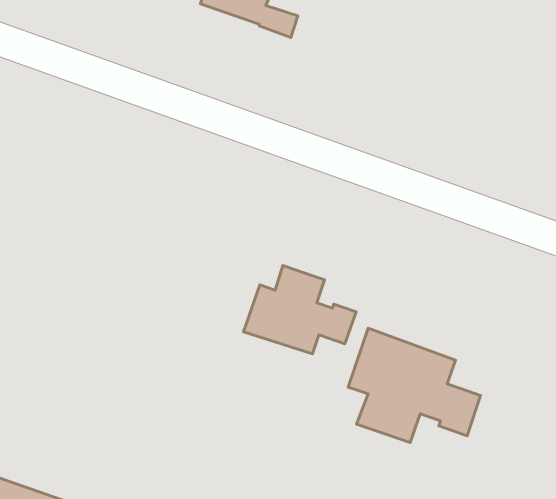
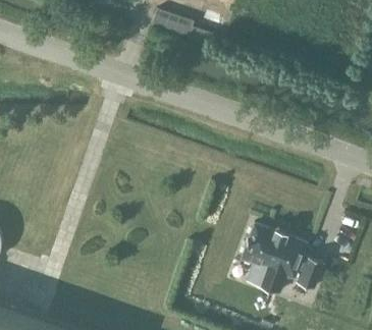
building: [243,265,356,354] -> none

